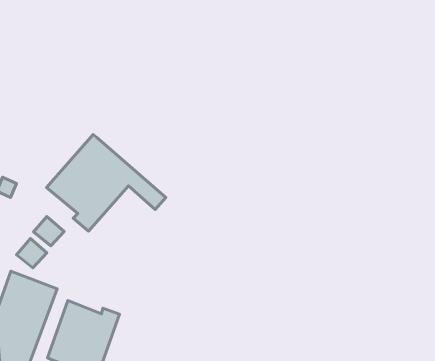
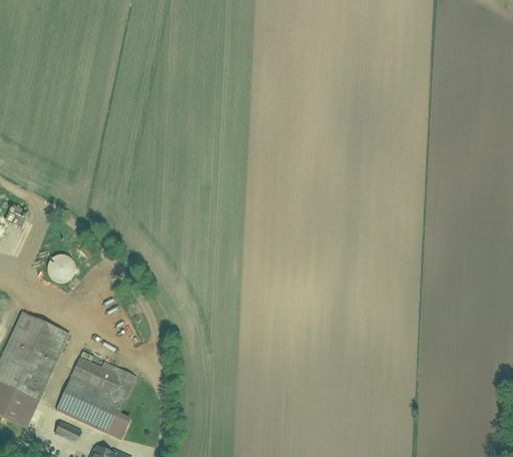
building: [46,134,166,231] -> none
building: [17,239,47,268] -> none

